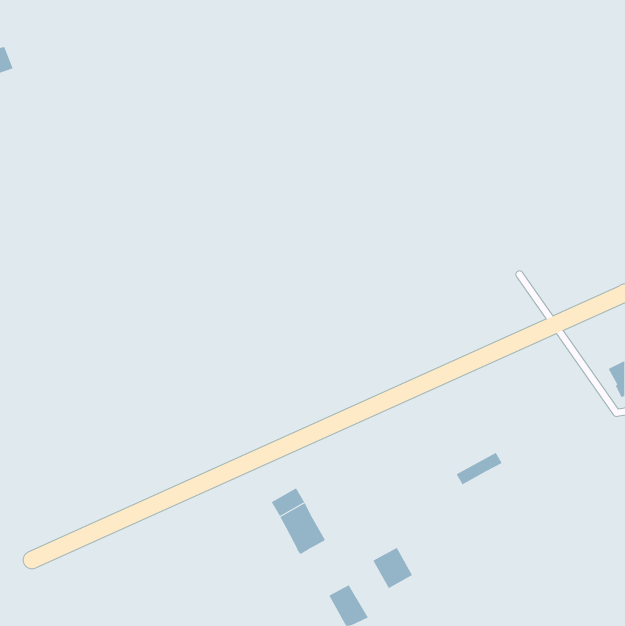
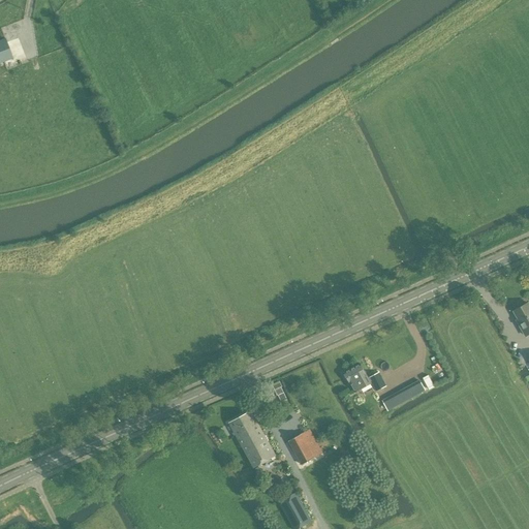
building: none -> [343,364,384,393]
building: [372,547,413,589] -> [287,430,321,465]

